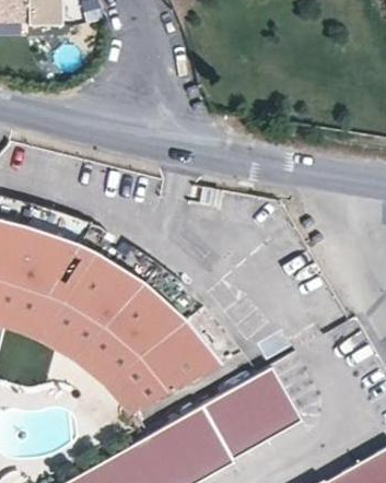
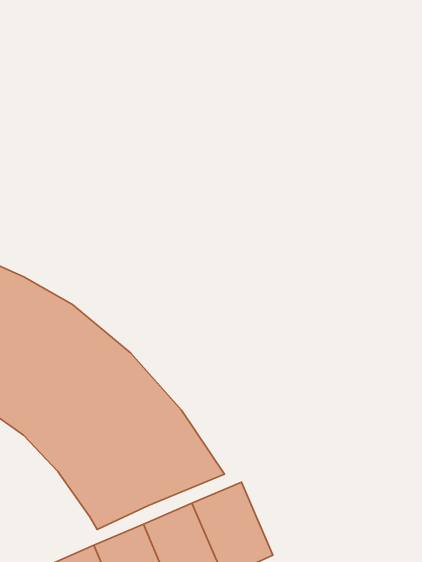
building: [243,363,307,434] -> none

